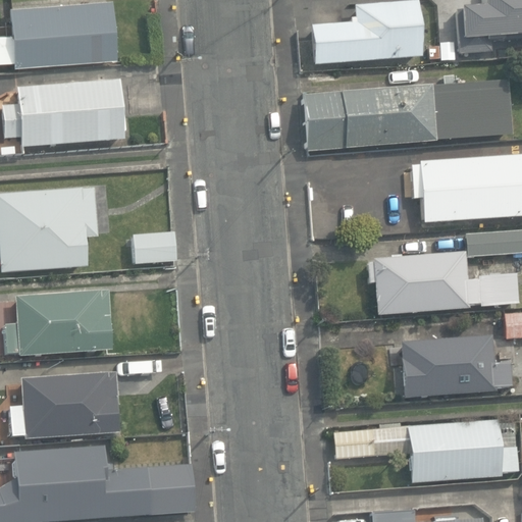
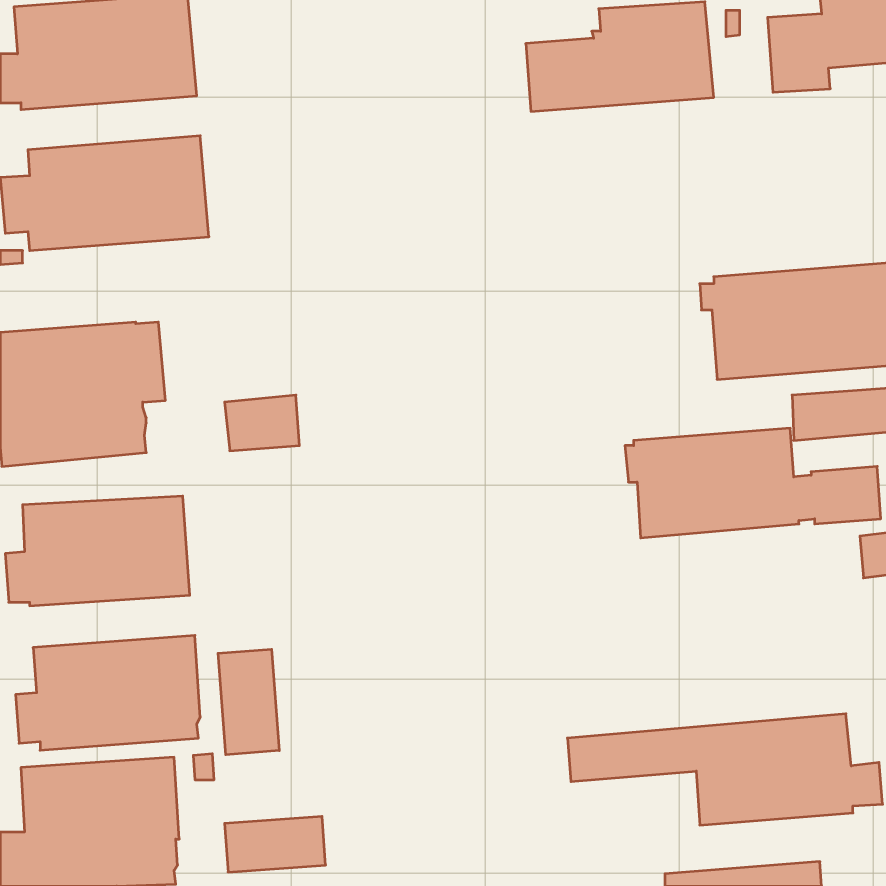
building: [304,79,512,149] -> none
building: [399,336,513,400] -> none
building: none -> [218,649,279,755]

